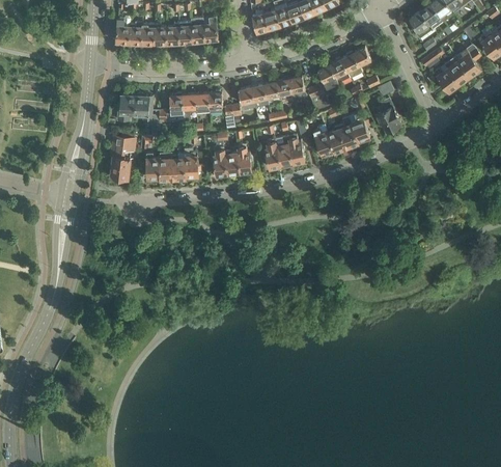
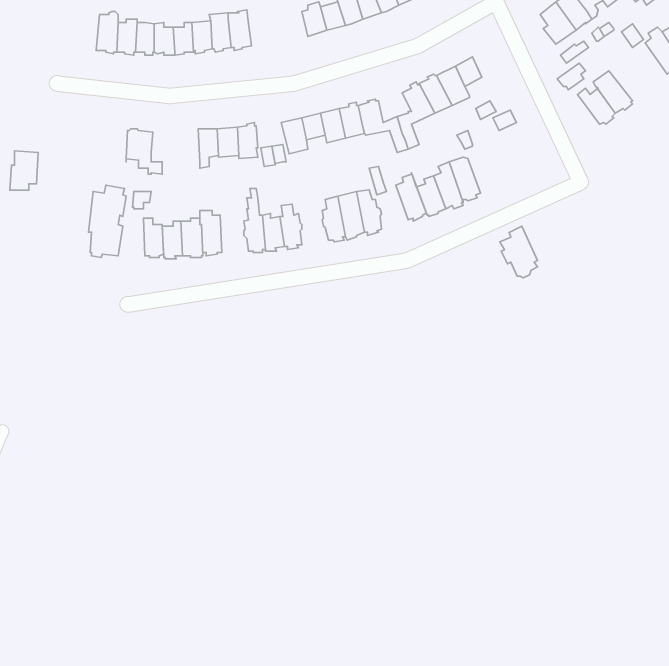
building: [453,43,481,75] -> none
building: [158,92,183,121] -> none
building: [116,93,135,119] -> [10,151,38,190]
building: [373,97,398,131] -> [500,226,537,278]

